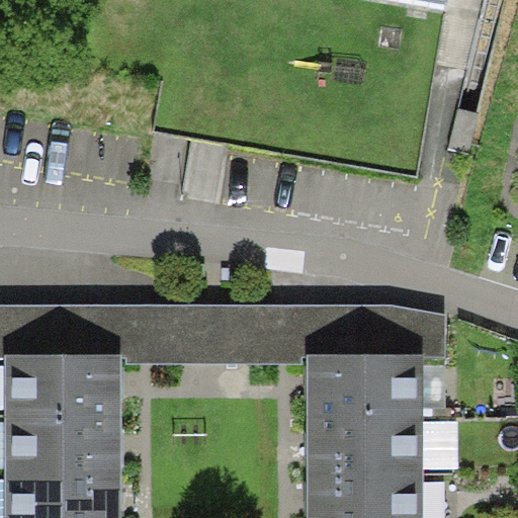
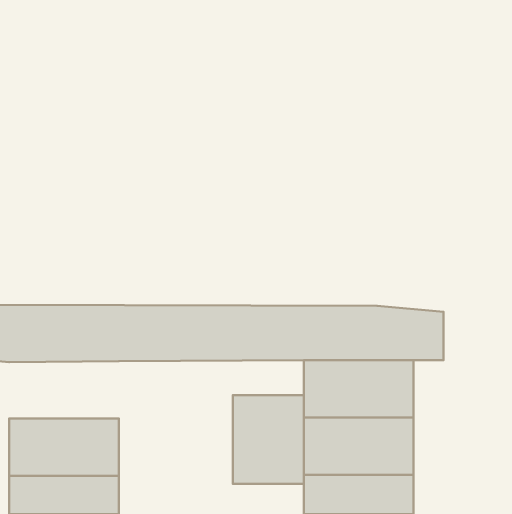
building: [9,363,119,421] -> none
building: none -> [233,395,304,484]

